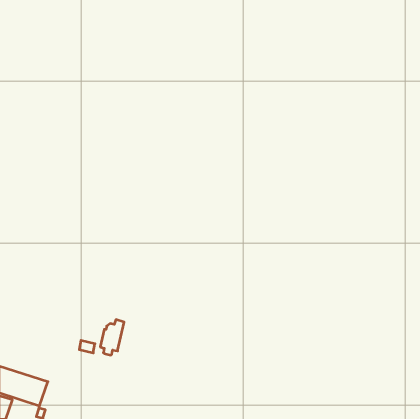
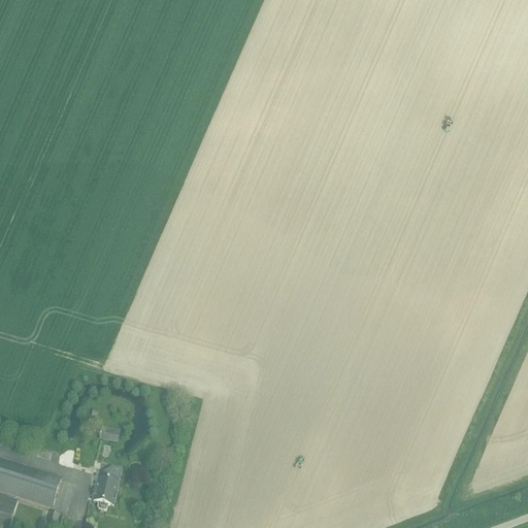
building: [100,320,124,355] -> [91,464,121,508]

